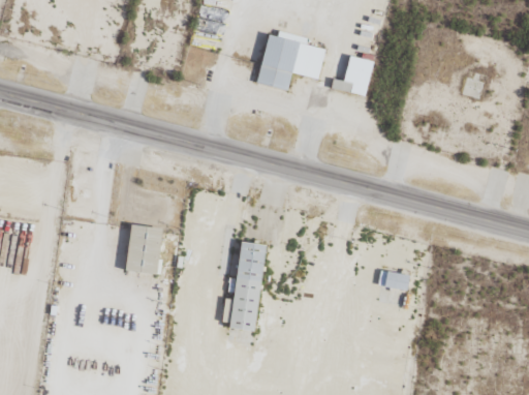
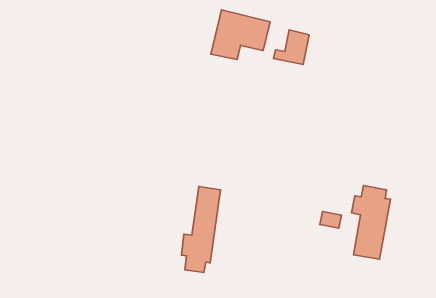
building: [126,224,163,274] -> none
building: none -> [351,185,390,259]

